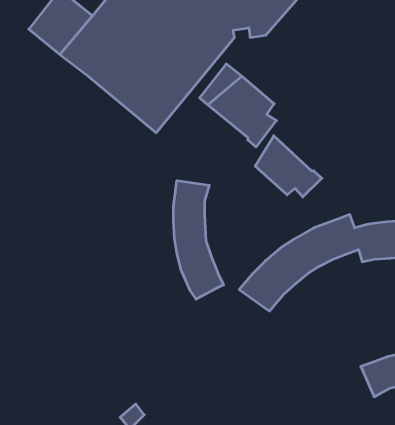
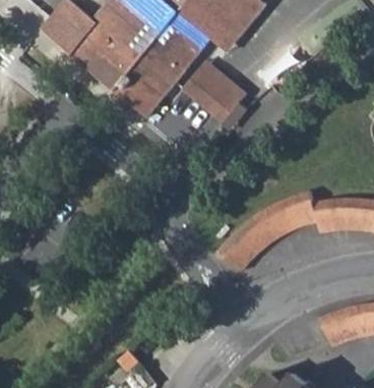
building: [255,136,322,197] -> none
building: [174,181,224,299] -> none

